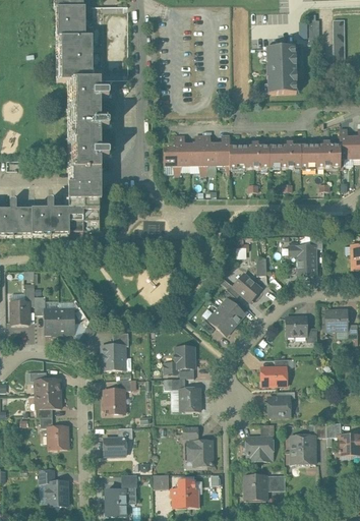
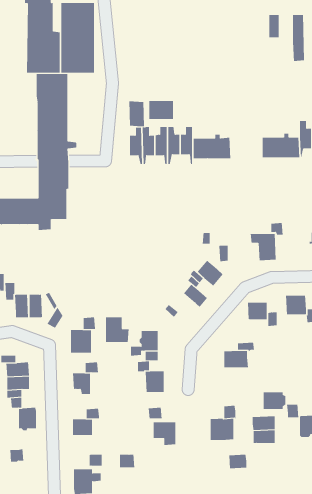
building: [265,46,296,93] -> none
building: none -> [149,100,174,120]
building: none -> [129,101,145,127]
building: [267,141,300,168] -> none
building: [207,307,236,335] -> none
building: none -> [106,316,129,343]
building: [267,397,292,415] -> [263,392,286,409]
building: [244,475,266,500] -> none
building: [171,480,198,507] -> none
building: [46,481,67,508] -> none

